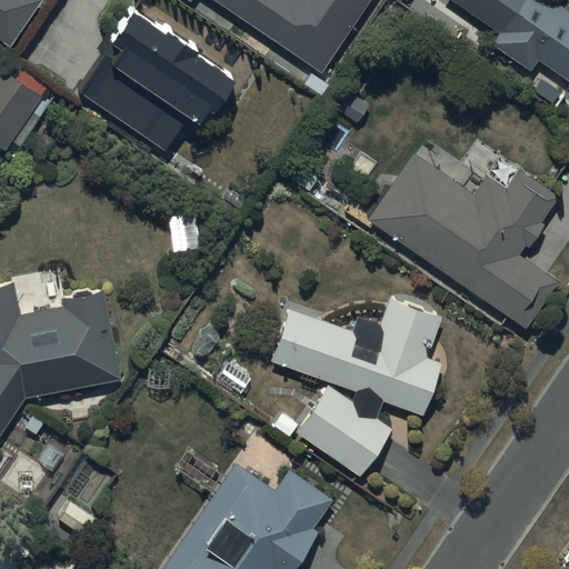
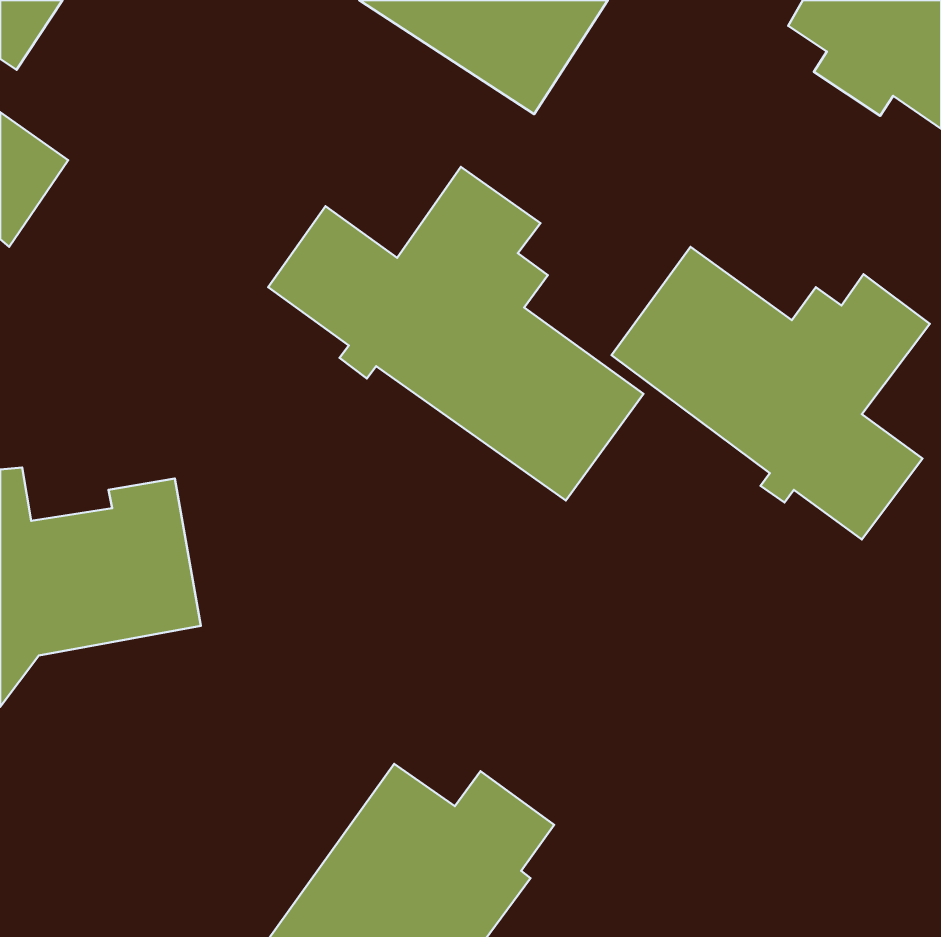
building: [84,13,242,151] -> none
building: none -> [268,167,644,501]
building: [271,298,442,476] -> none

